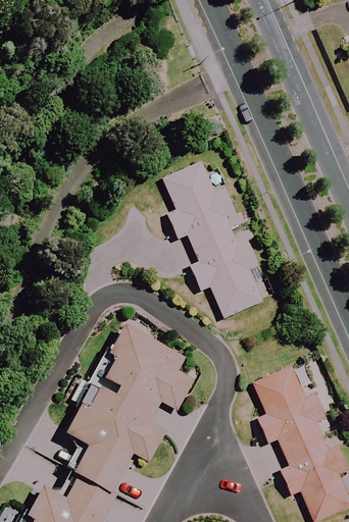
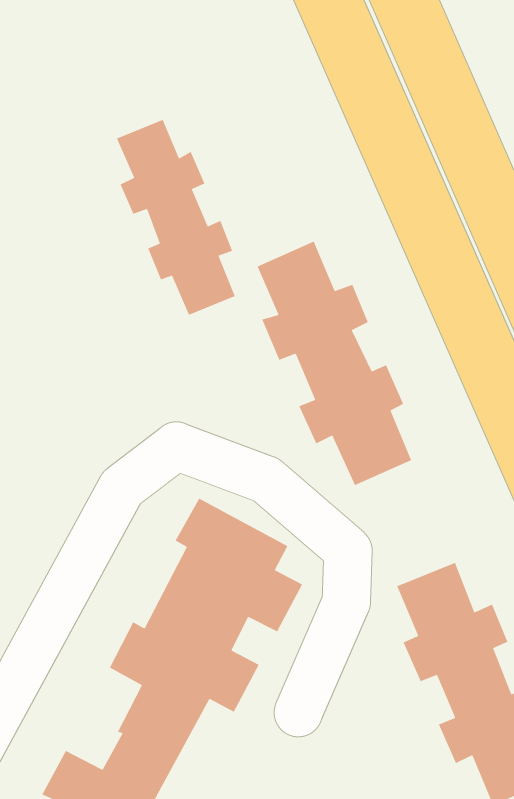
building: none -> [116,119,236,316]

